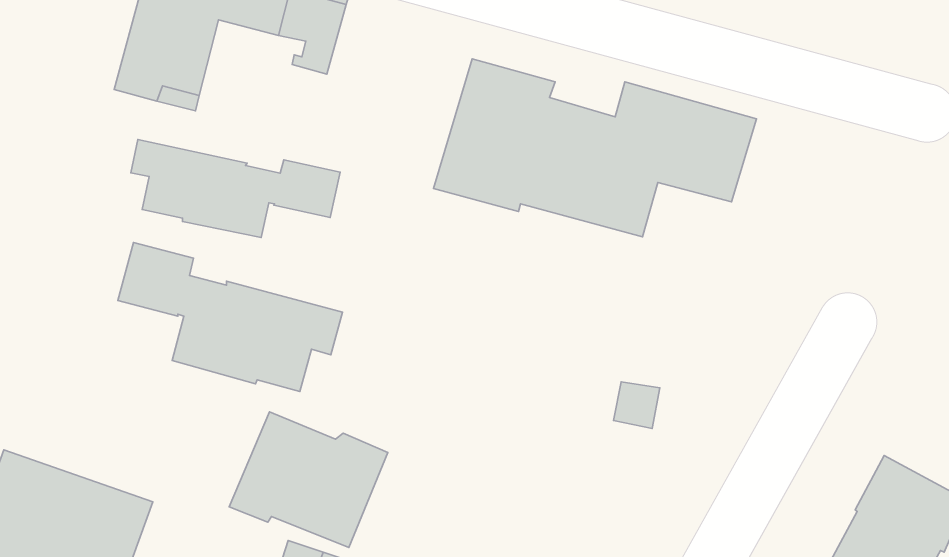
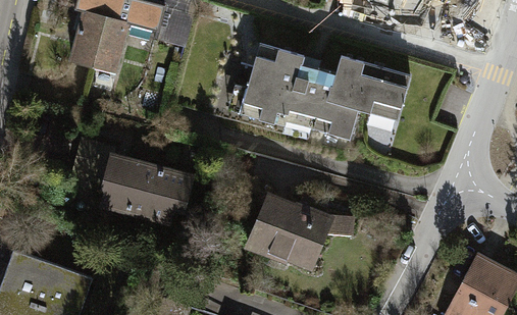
building: [131,140,340,237] -> none
building: [229,412,388,547] -> [246,197,329,268]

